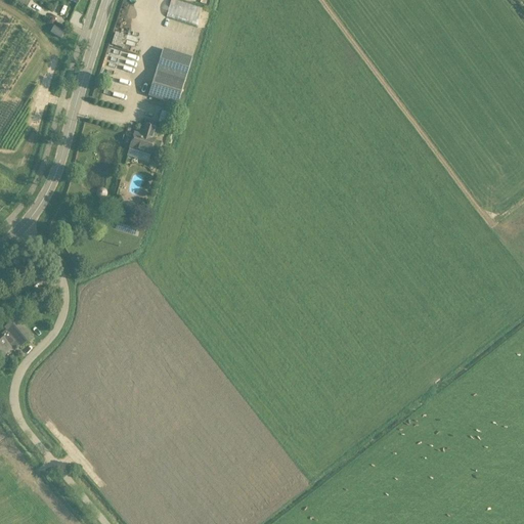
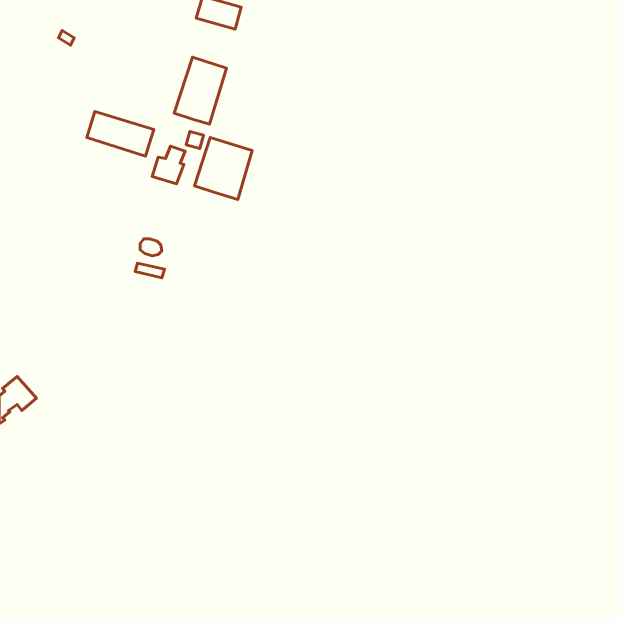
building: none -> [87,111,154,156]
building: none -> [195,137,252,200]

